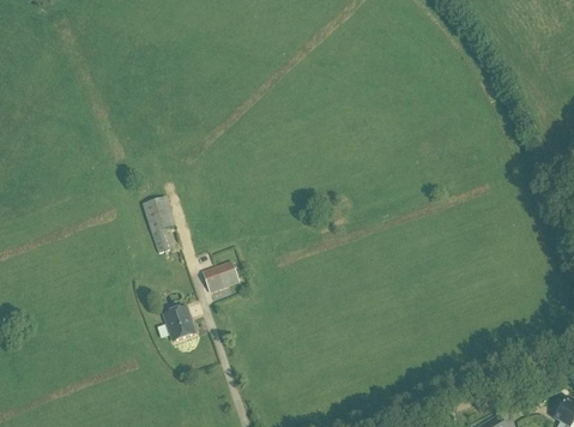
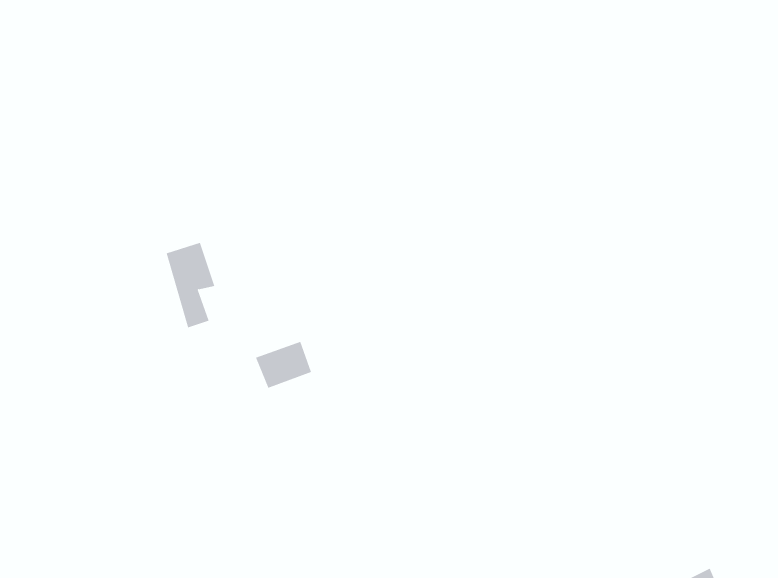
building: [165,306,195,341] -> none

